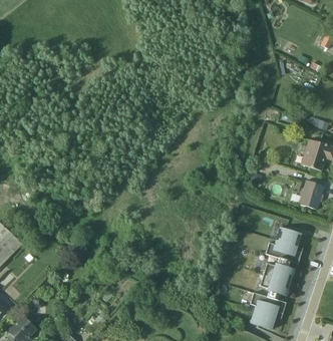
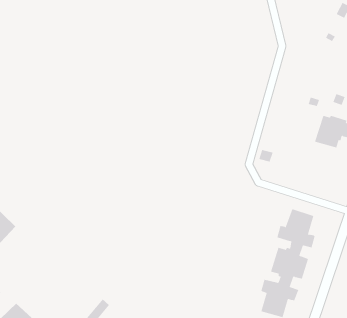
building: [290,181,325,210] -> none

